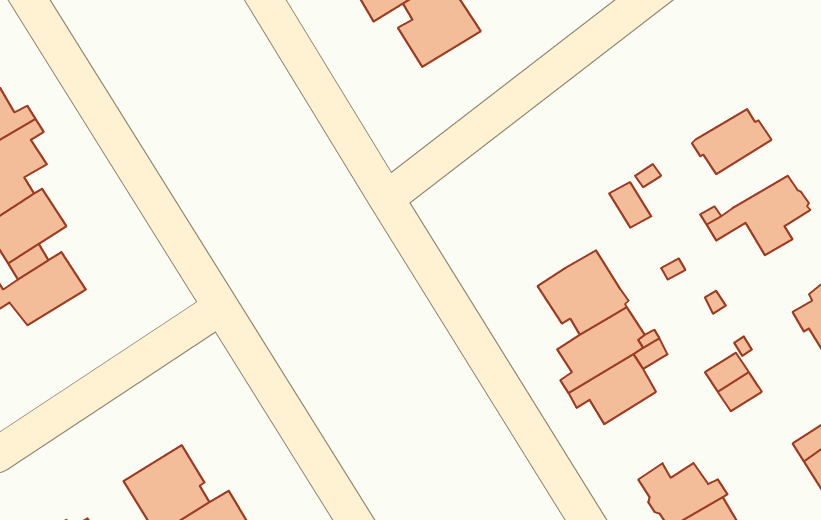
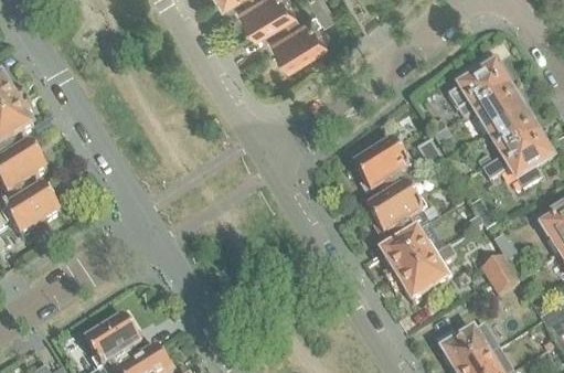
building: none -> [447,66,509,119]
building: none -> [488,113,536,159]
building: none -> [353,145,415,200]

